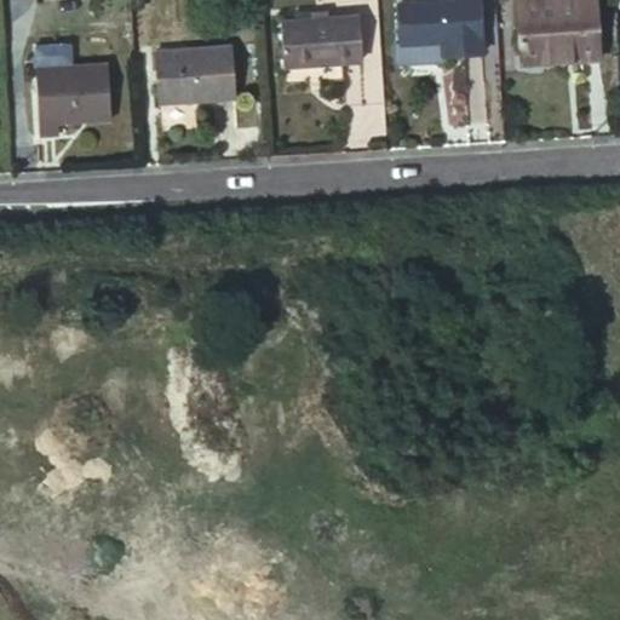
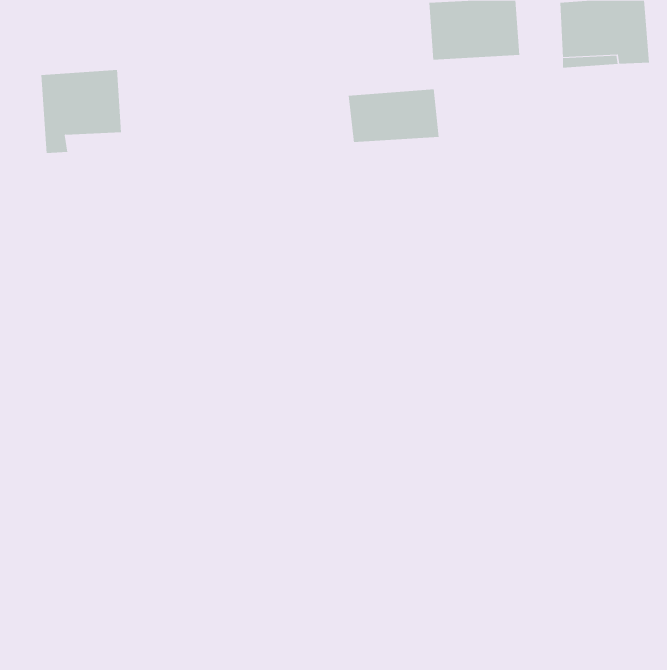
building: [277,15,362,64] -> [348,89,440,143]
building: [156,47,236,105] -> none

